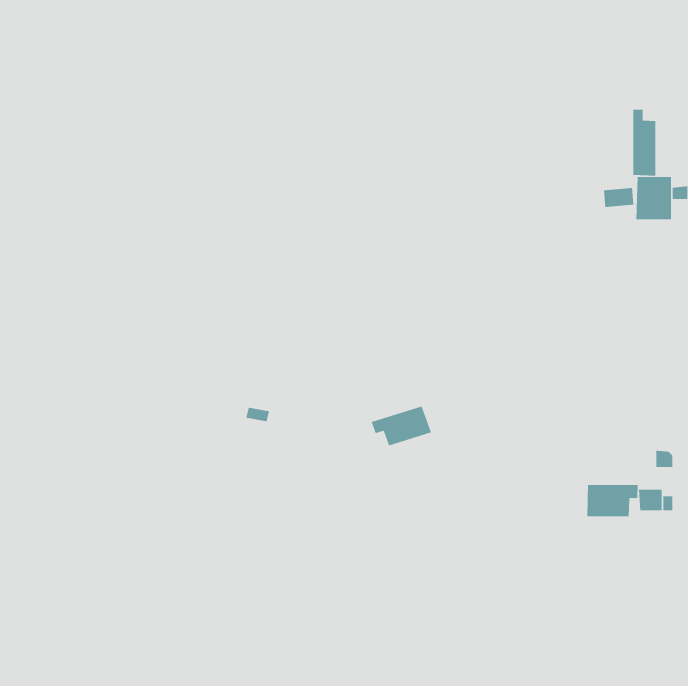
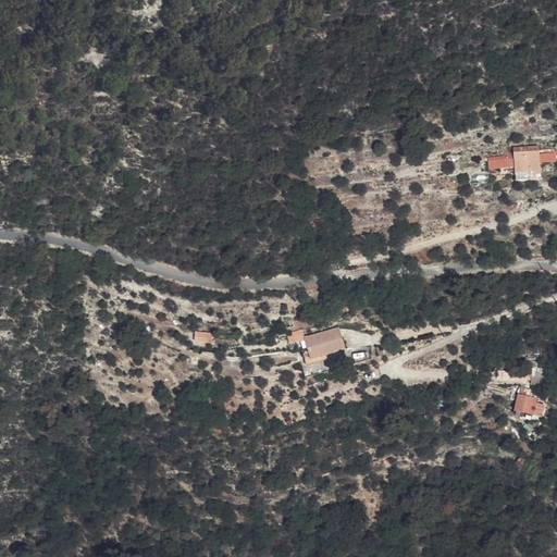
building: [633,109,656,177] -> none
building: [587,484,638,517] -> none

